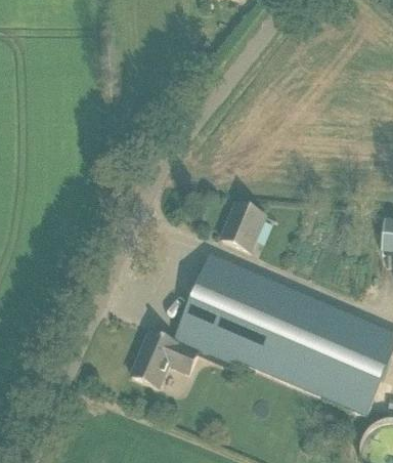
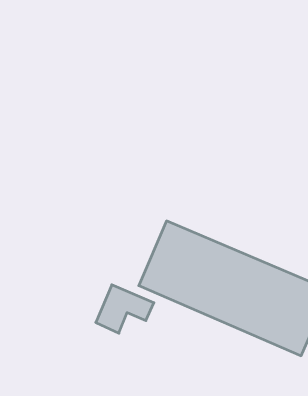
building: [220,203,263,250] -> none

